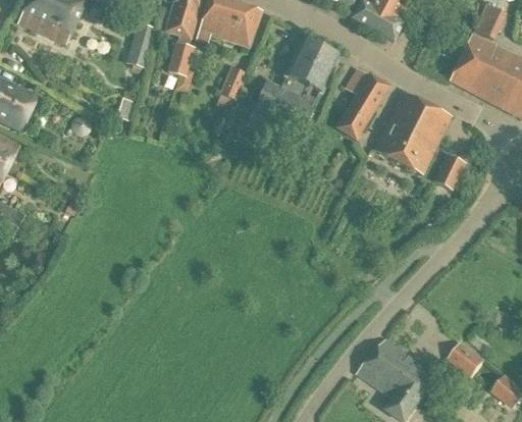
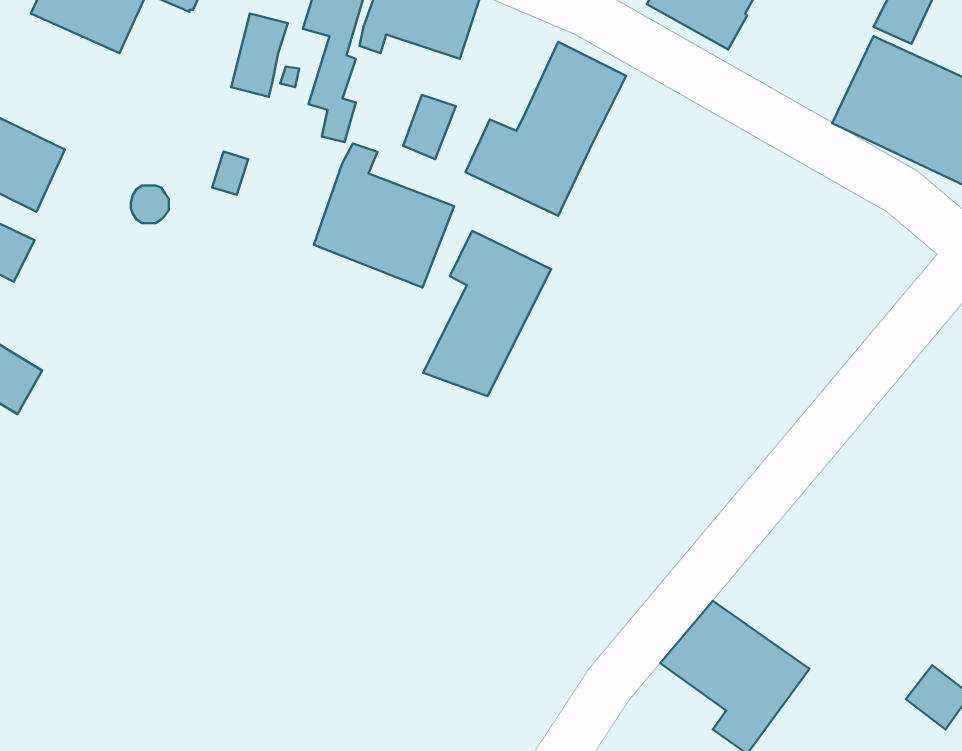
building: [336,67,389,140] -> none
building: [374,91,452,174] -> none
building: none -> [314,143,454,288]
building: none -> [423,231,551,396]
building: [434,154,465,189] -> none
building: [450,339,483,373] -> none

